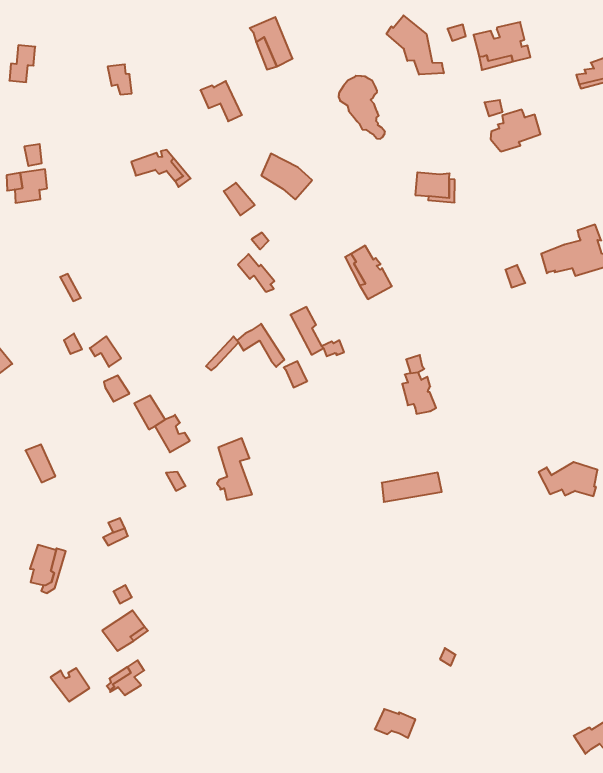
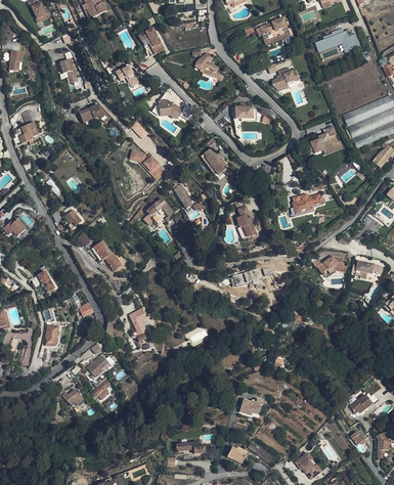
building: [387,15,444,75] -> none
building: none -> [292,193,322,215]
building: [217,438,252,500] -> [130,308,150,342]

